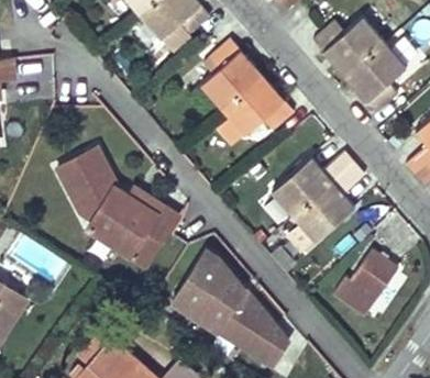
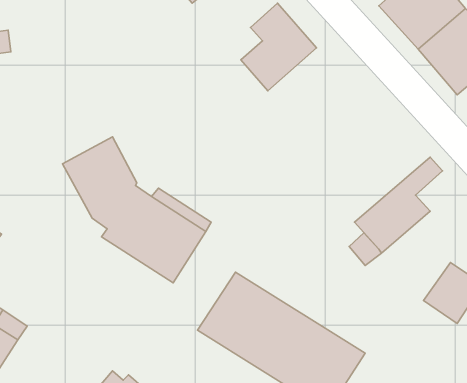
building: [223,75,295,134] -> none
building: [272,152,355,216] -> none

